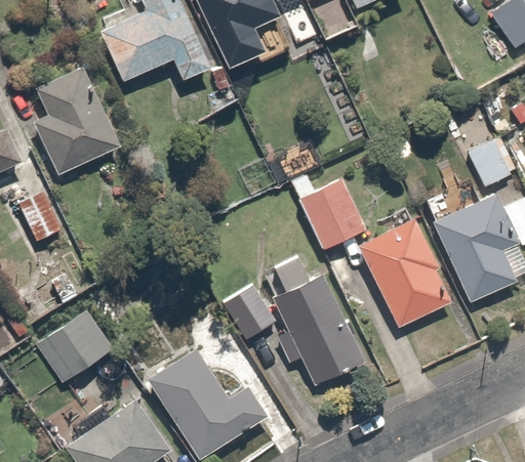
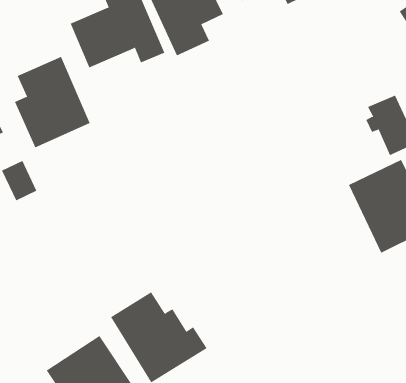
building: [295,174,366,248] -> none
building: [357,219,450,326] -> none
building: [271,255,367,387] -> none
building: [223,284,274,338] -> none
building: [35,309,116,386] -> none

